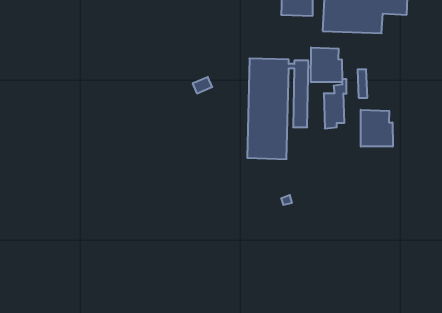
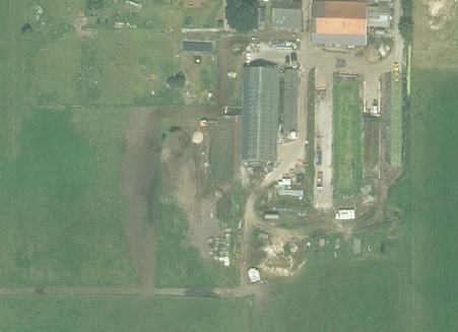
building: [311,47,342,82] -> none
building: [361,110,393,147] -> none

